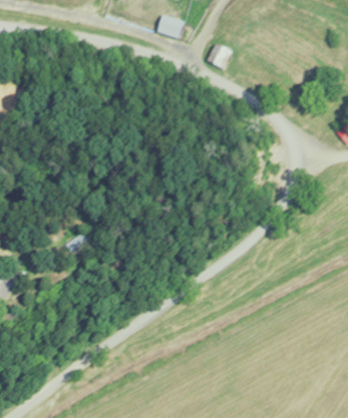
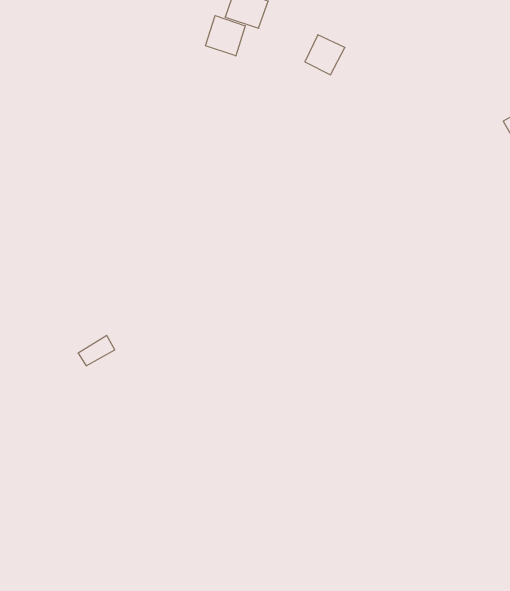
building: none -> [205,16,245,56]

